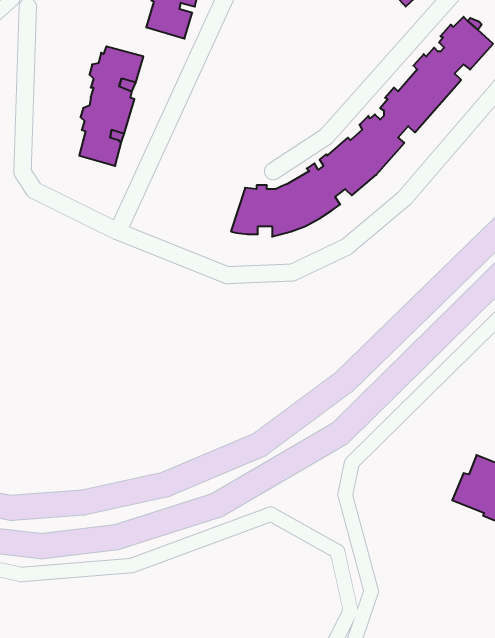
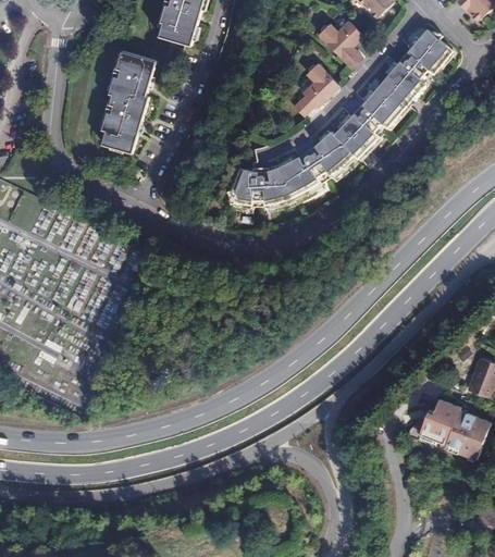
building: none -> [321,20,364,66]
building: none -> [294,61,339,114]

